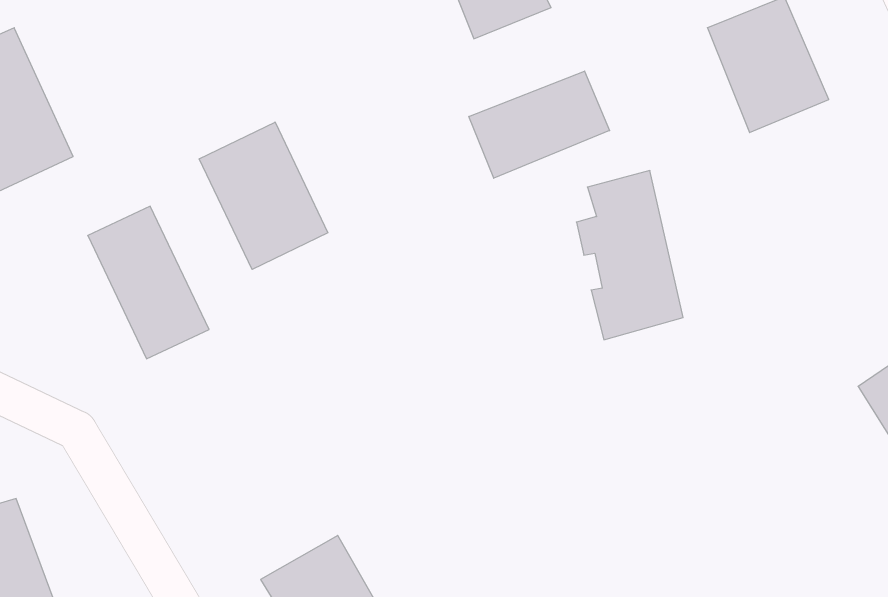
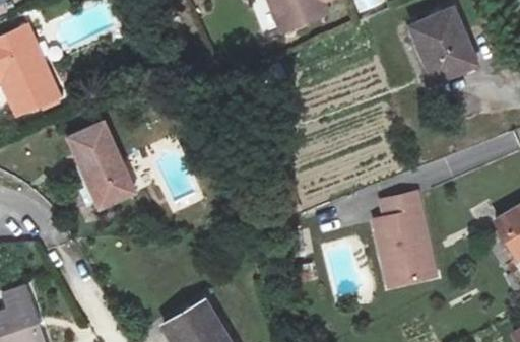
building: [469,71,610,178] -> none
building: [199,122,328,269] -> none
building: [576,171,683,340] -> [375,195,434,288]

